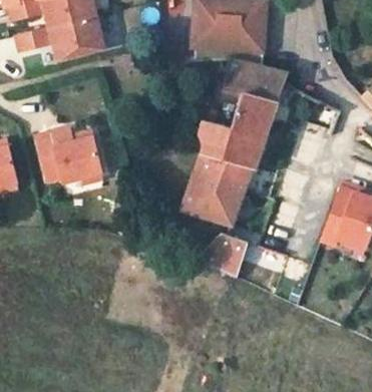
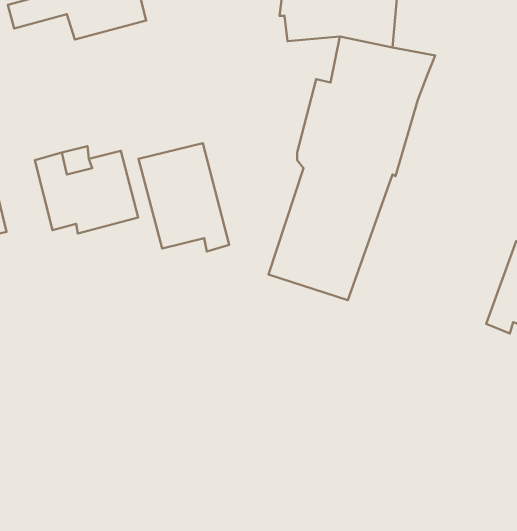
building: none -> [138,143,229,252]
building: [197,233,248,276] -> none

